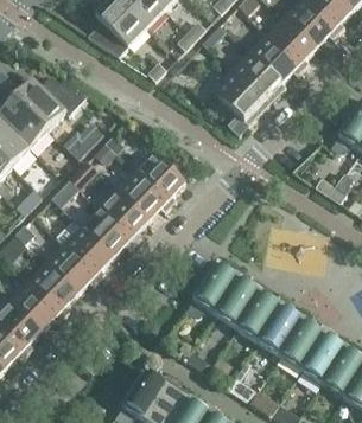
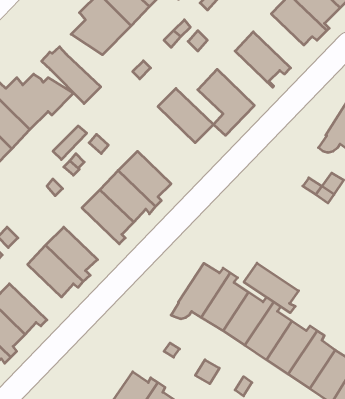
building: [265,17,315,70] -> none
building: none -> [42,47,101,104]
building: [229,53,284,107] -> [158,88,213,143]
building: [78,207,133,258] -> none
building: none -> [244,263,299,313]
building: [25,263,76,318] -> none

